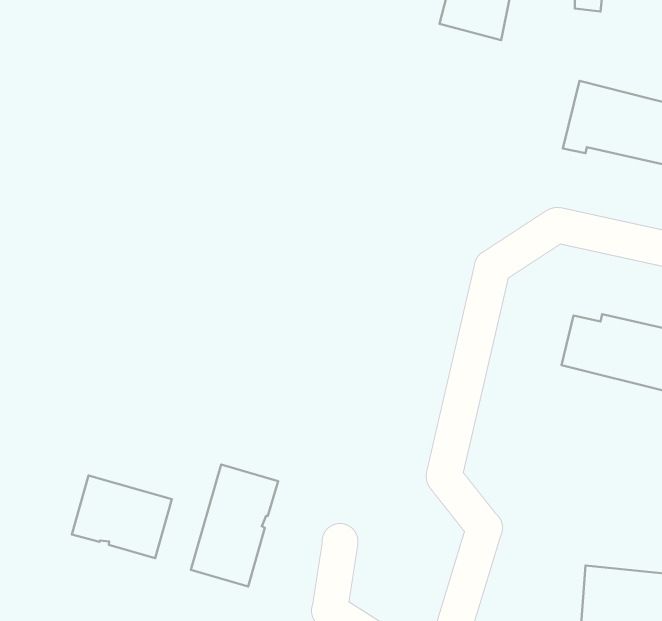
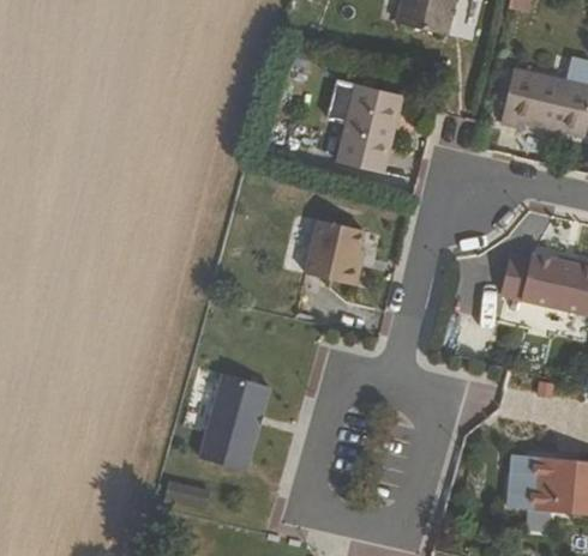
building: none -> [336,85,400,173]
building: none -> [306,218,364,285]
building: [72,476,172,558] -> none

